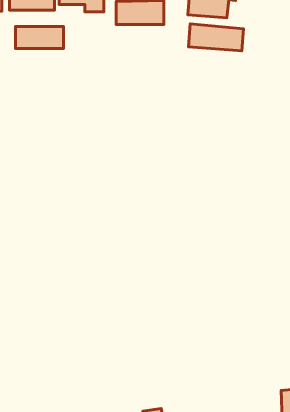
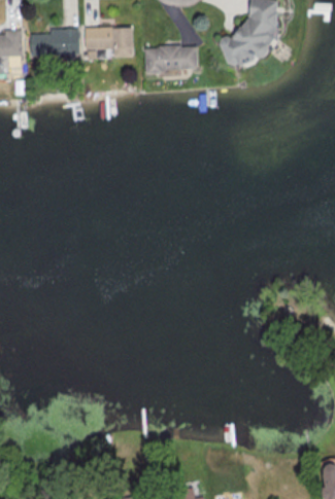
building: [188,24,243,51] -> none
building: [16,26,64,49] -> none

